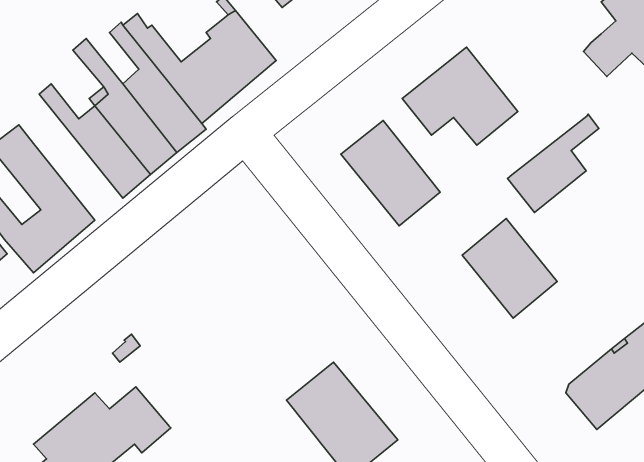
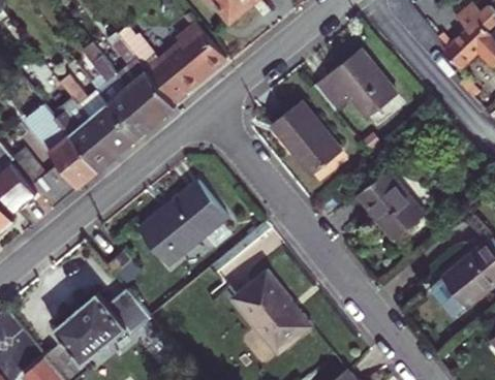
building: [508,114,599,213] -> none
building: none -> [56,97,118,170]
building: none -> [138,180,228,265]

